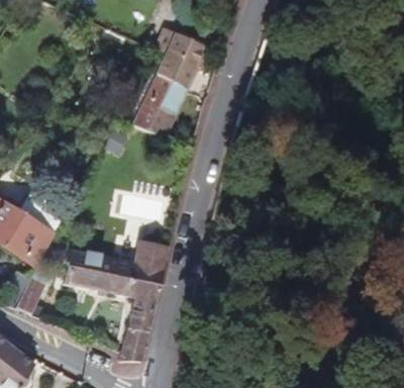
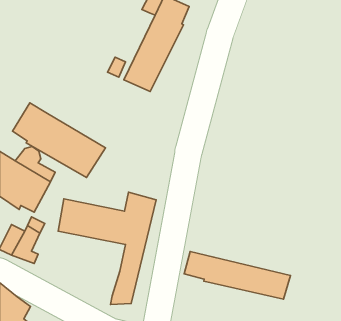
building: none -> [13,103,105,177]
building: none -> [184,251,291,299]

